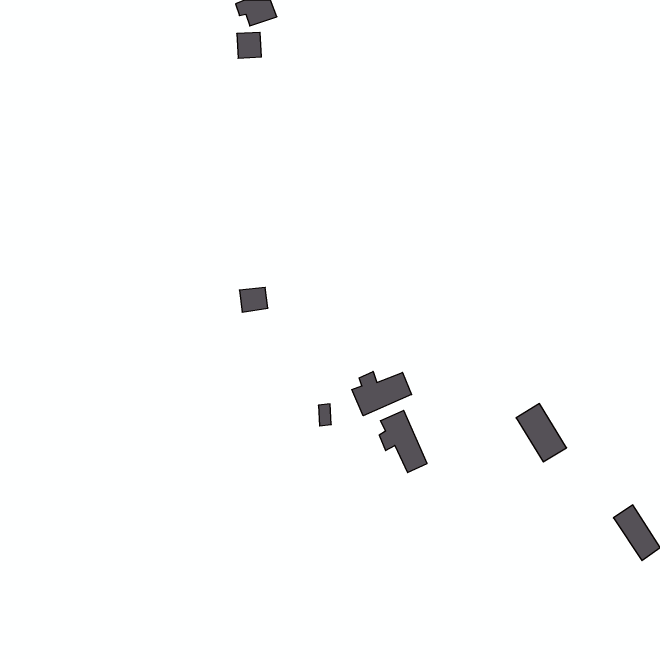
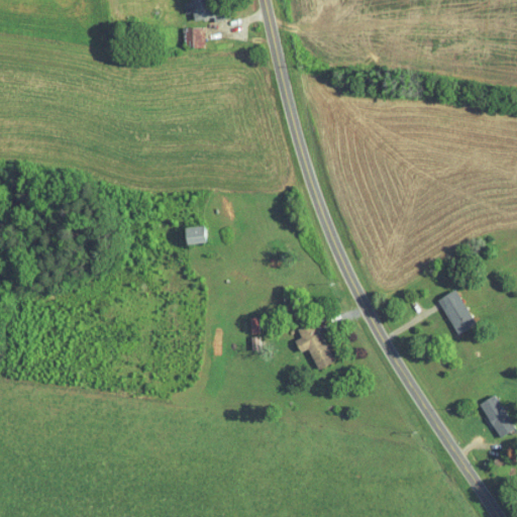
building: [352,371,412,416] -> none
building: [516,404,567,462] -> [437,290,477,335]

